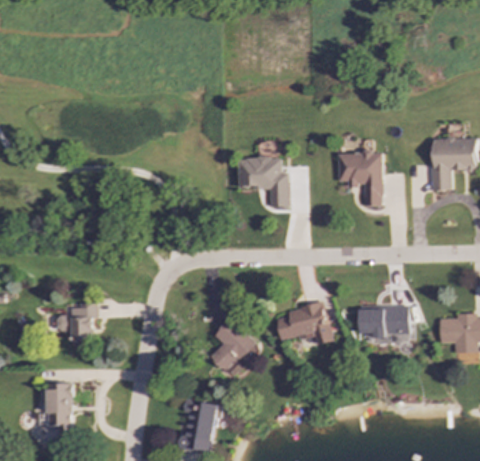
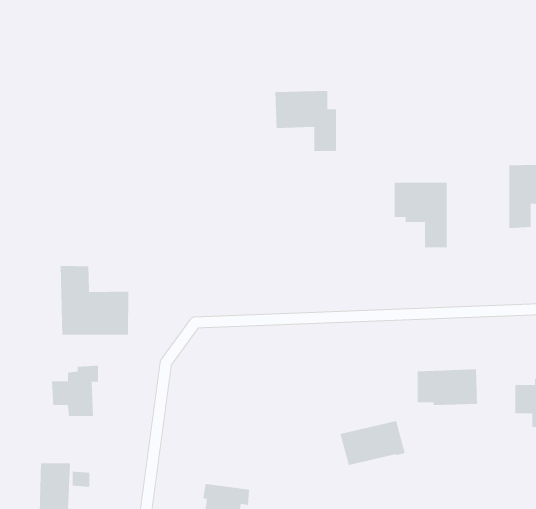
building: [238,158,289,208] -> [275,91,337,152]
building: none -> [60,265,129,335]
building: [274,304,328,341] -> [340,420,405,466]
building: [210,319,260,378] -> none

